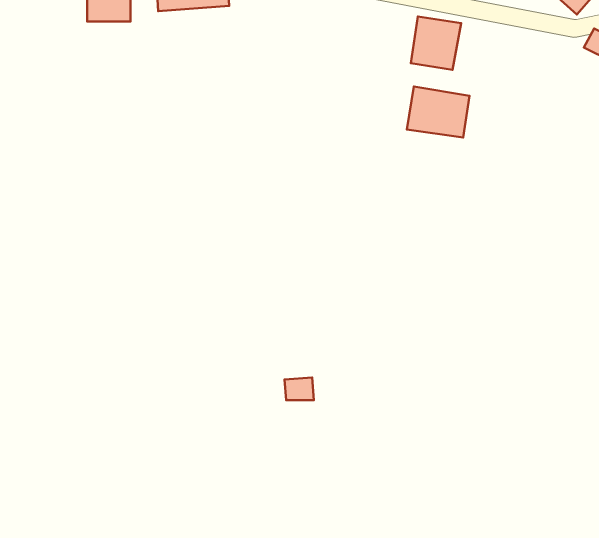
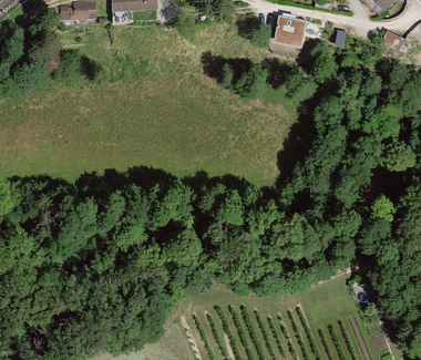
building: [407,86,470,137] -> none

